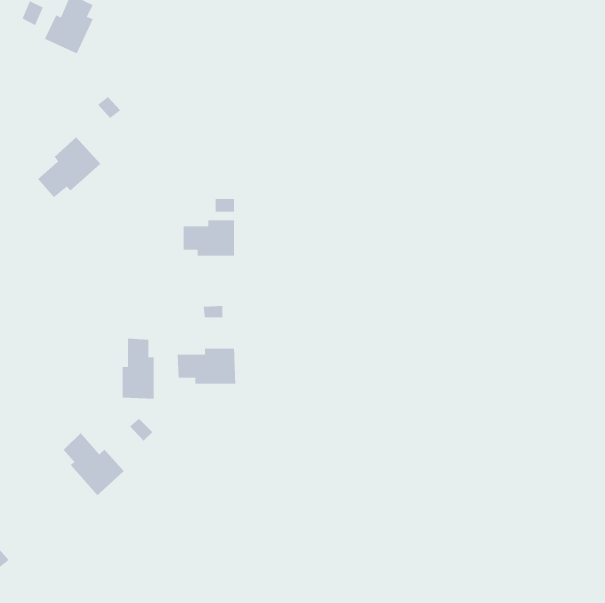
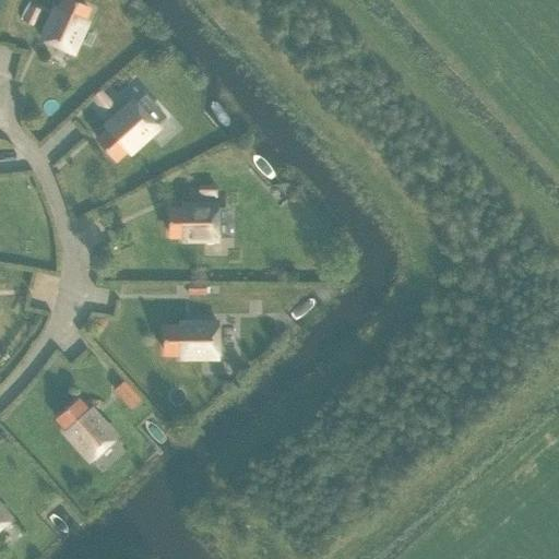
building: [37,137,101,198] -> [97,98,156,155]
building: [122,338,155,399] -> none

